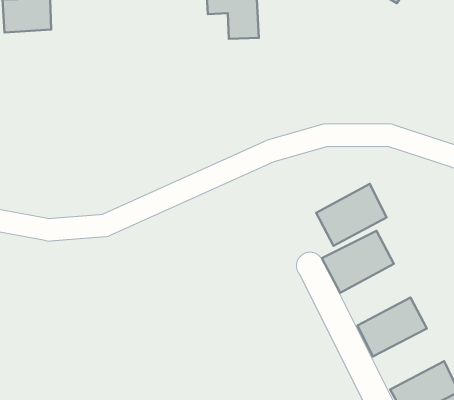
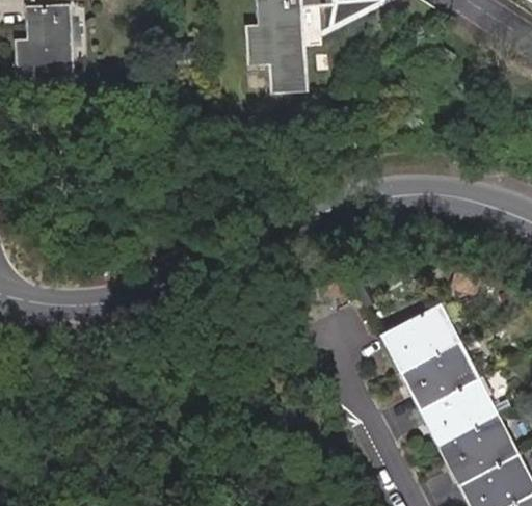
building: [316,184,386,246] -> [400,343,480,414]
building: none -> [437,417,518,486]

